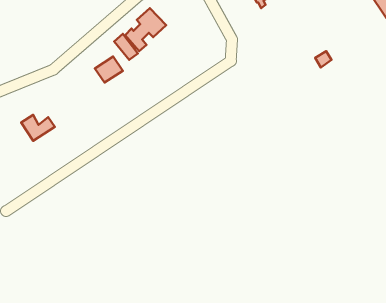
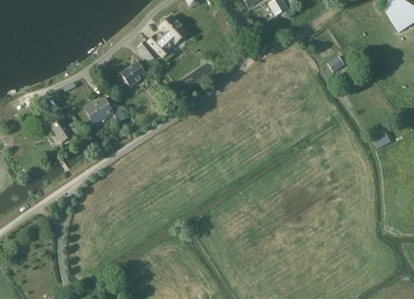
building: none -> [84,97,124,122]

